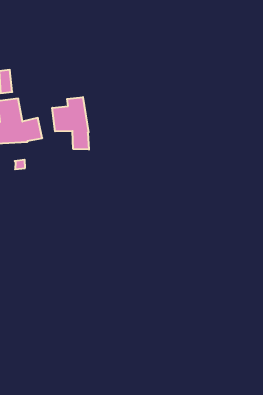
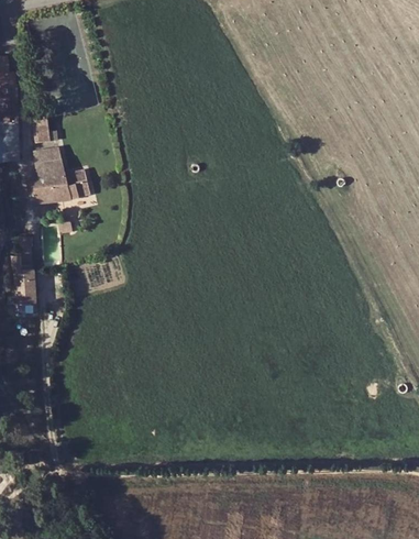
building: [52,97,89,150] -> none

